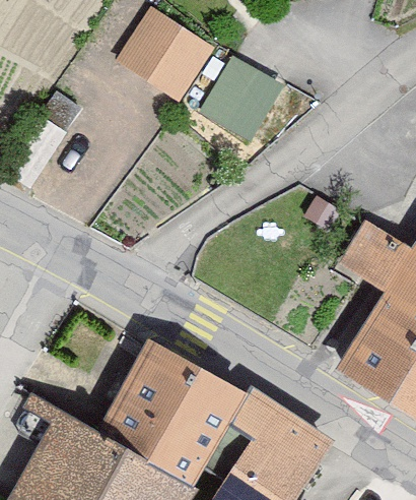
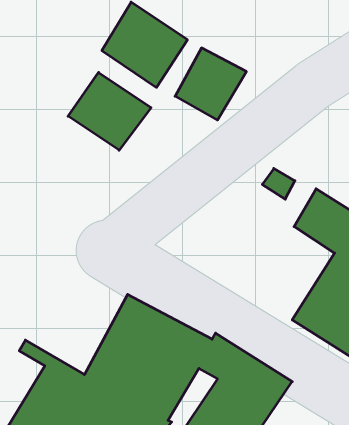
building: none -> [68,72,151,150]

